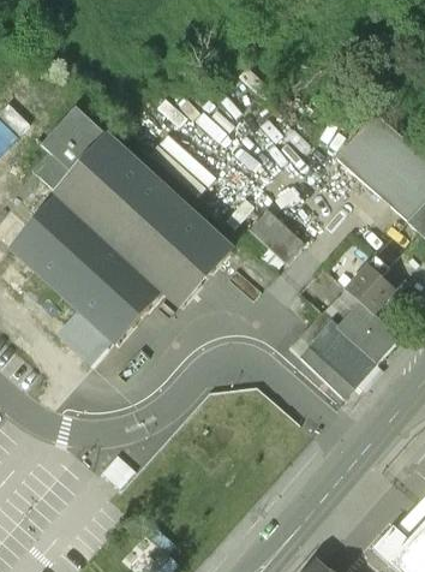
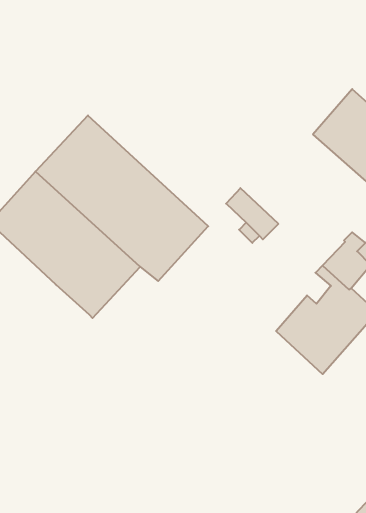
building: [30,108,109,193] -> none
building: [54,308,110,363] -> none

